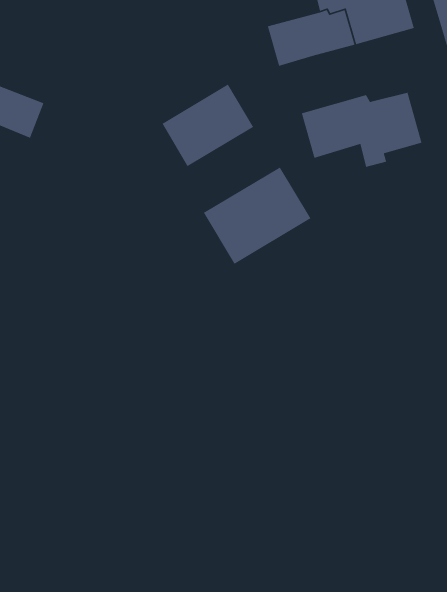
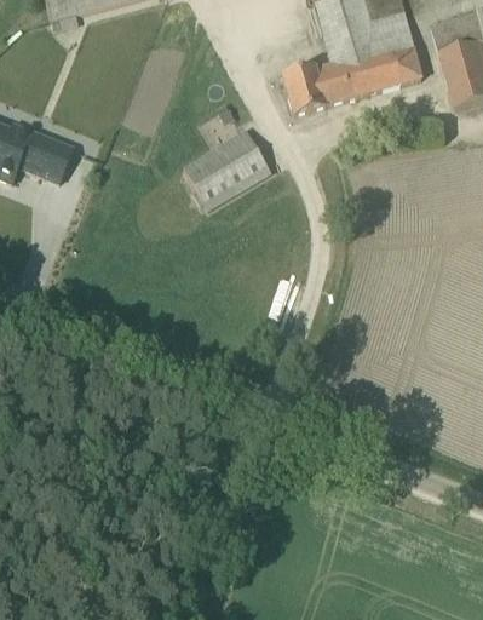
building: [301,92,422,168] -> none
building: [203,166,312,265] -> none

